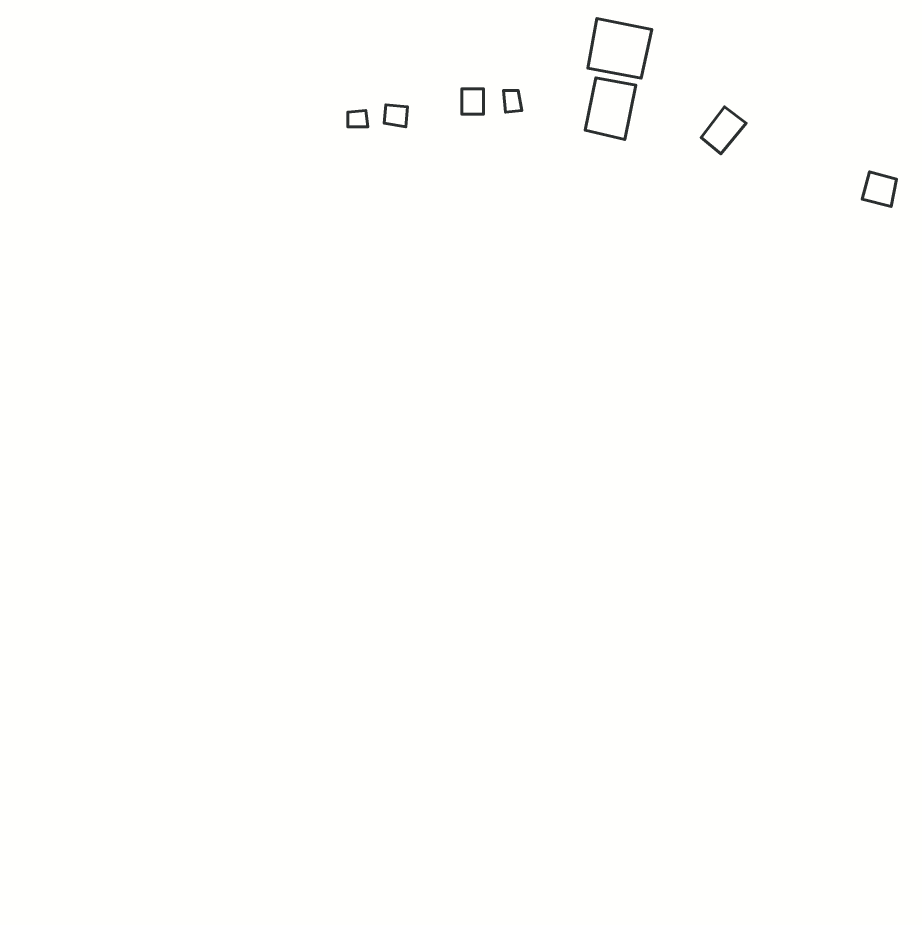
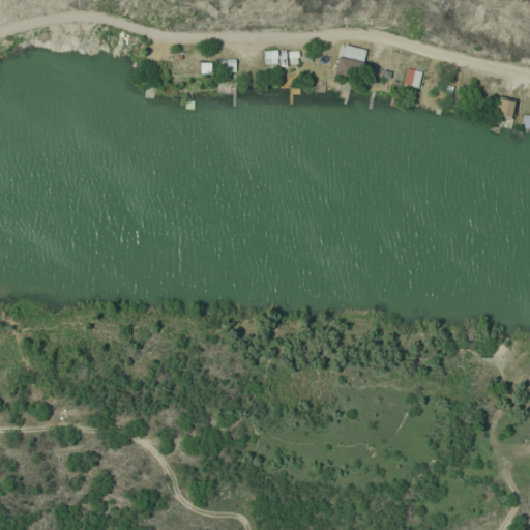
building: [588,19,652,78] -> none

